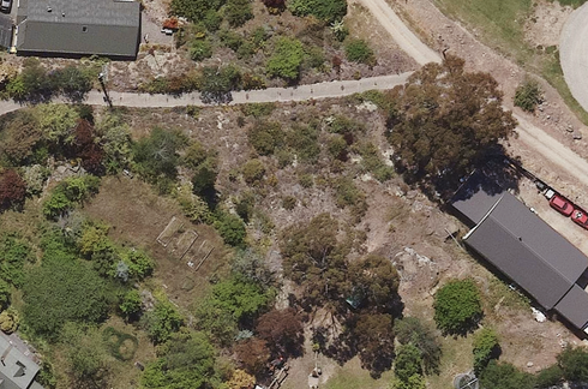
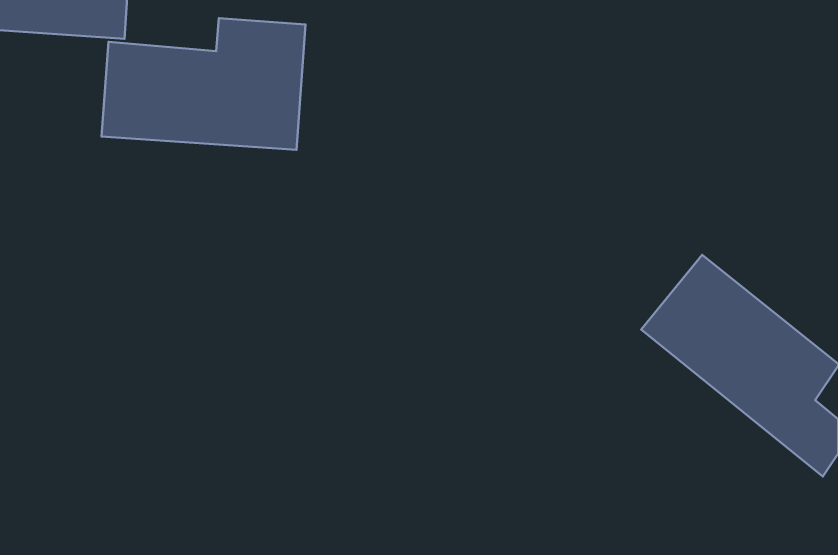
building: none -> [102,18,306,150]

